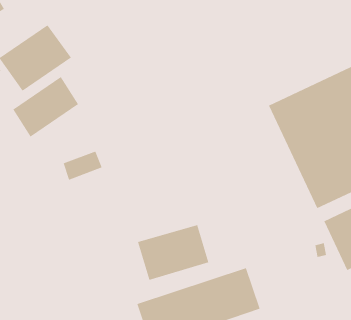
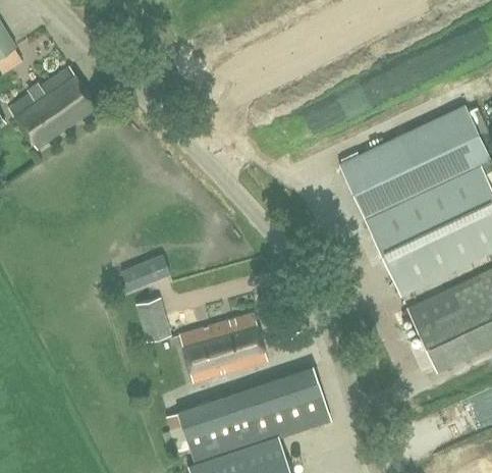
building: [12,76,79,138] -> none
building: [63,151,102,181] -> [122,255,171,292]
building: none -> [136,298,172,343]

